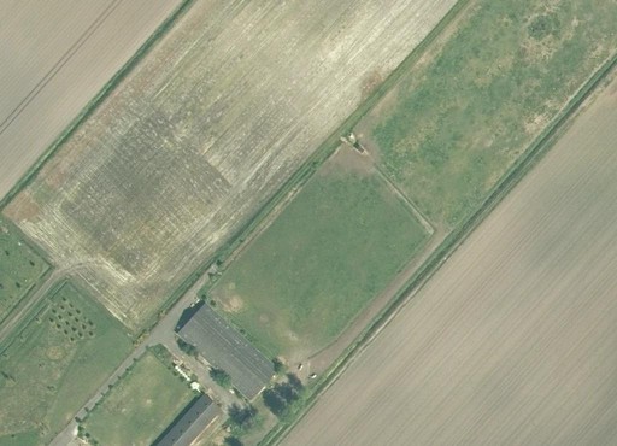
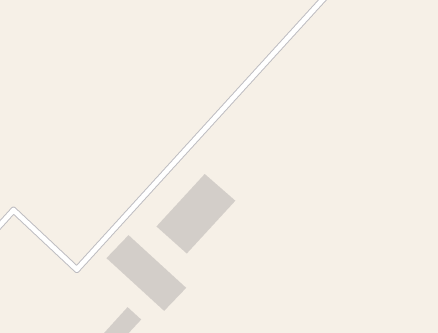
building: none -> [156,173,236,254]

